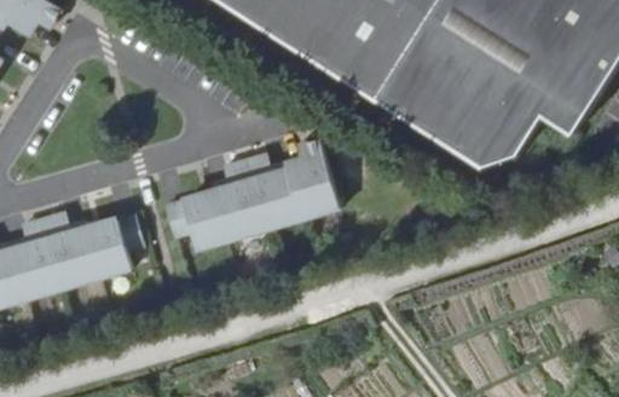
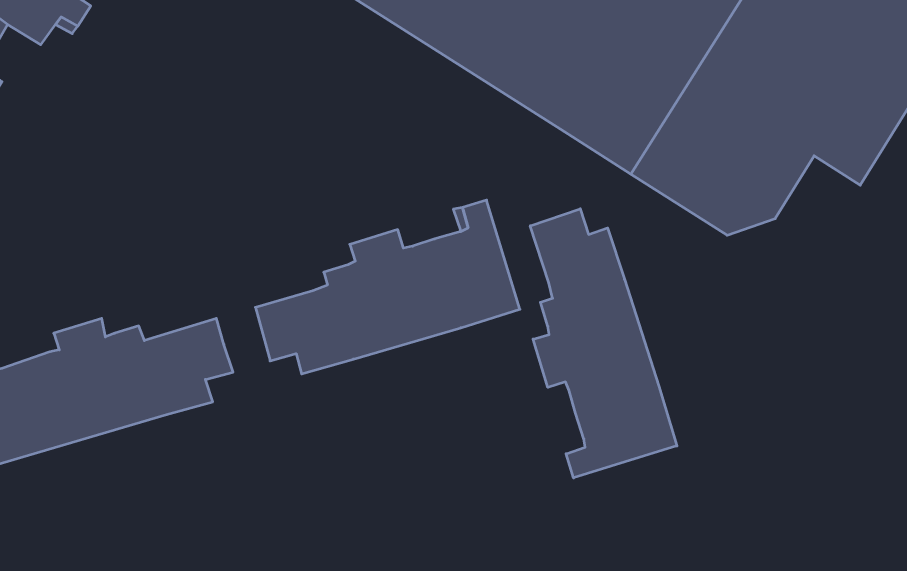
building: none -> [530,209,677,478]

